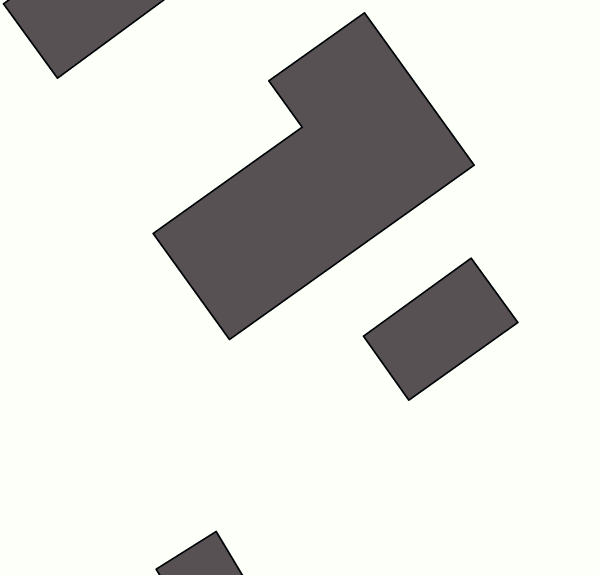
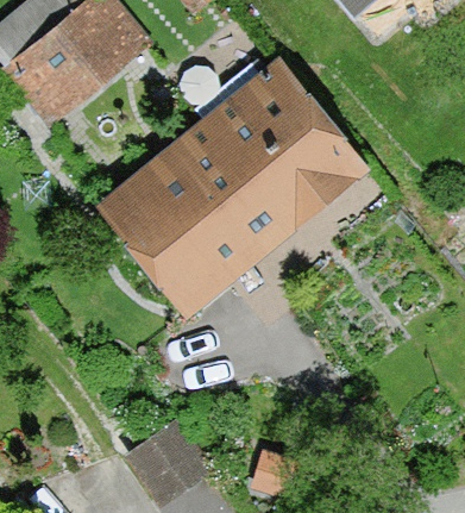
building: [364,258,518,400] -> none

